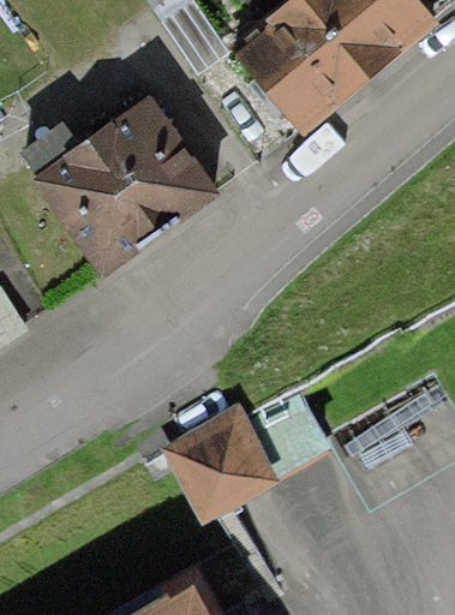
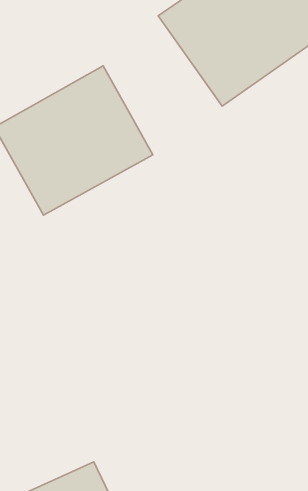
building: [173,402,287,514] -> none

